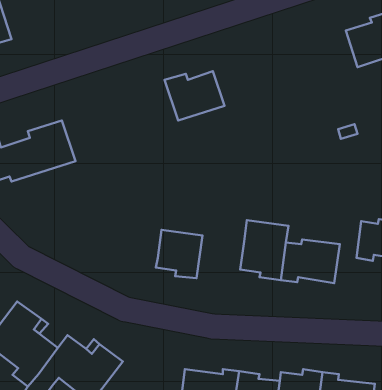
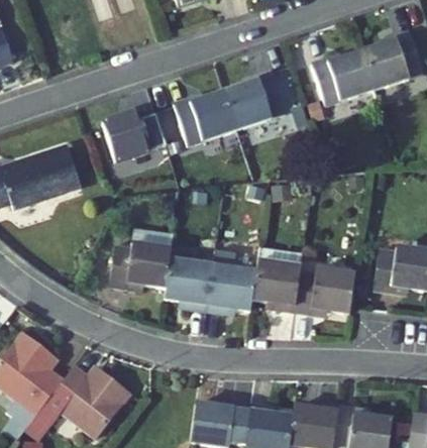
building: none -> [312,49,375,104]
building: none -> [224,70,285,128]
building: none -> [103,110,166,159]
building: none -> [109,227,174,287]
building: none -> [207,263,256,312]

